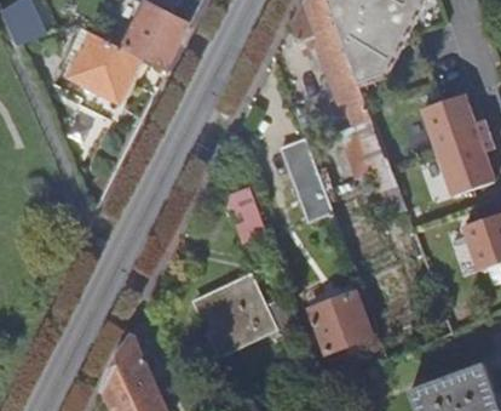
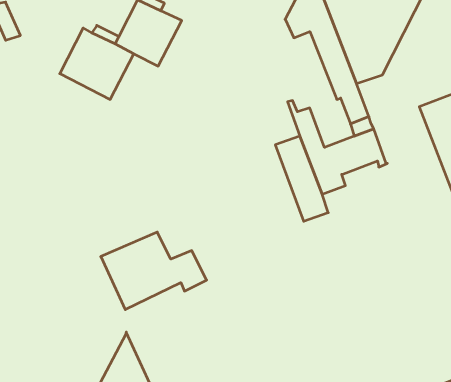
building: [226,190,266,241] -> none
building: [196,278,300,354] -> [101,232,207,310]
building: [310,292,372,353] -> none

